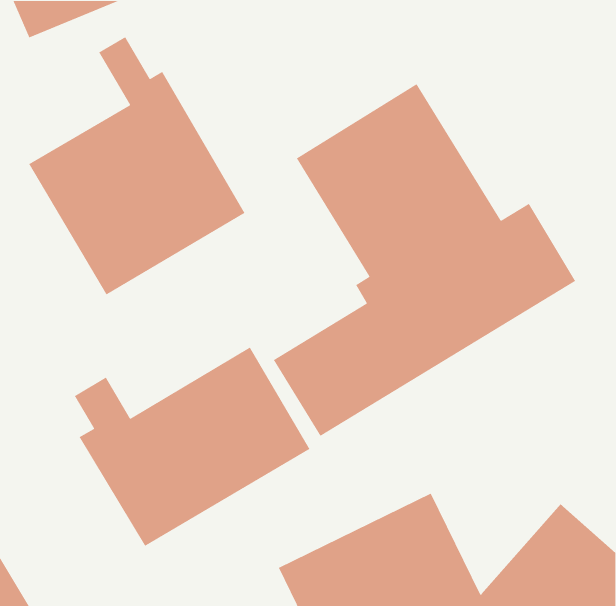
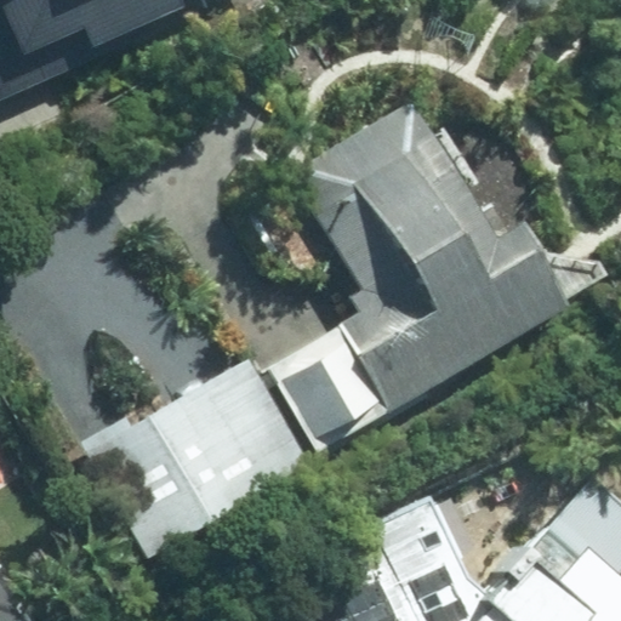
building: [28,36,245,295] -> none

